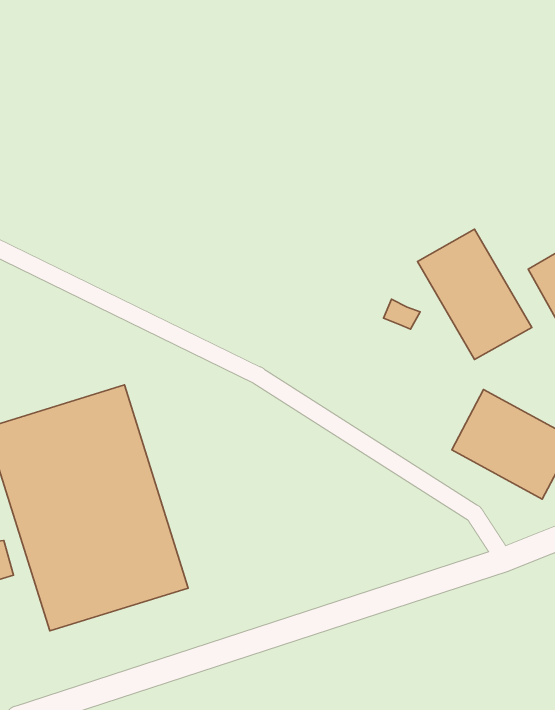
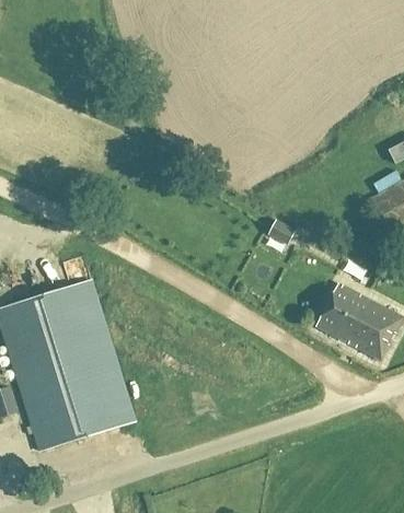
building: [417,229,532,360] -> none

